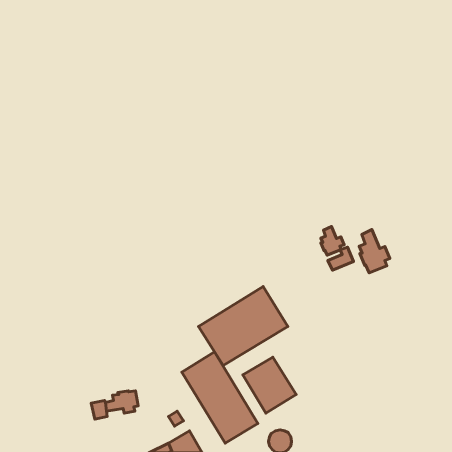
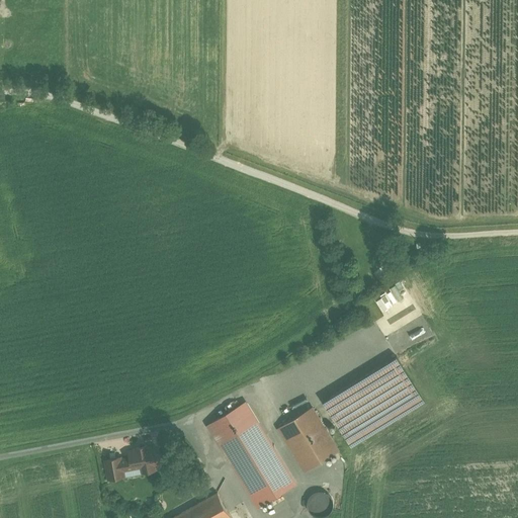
building: [321,226,344,255] -> none
building: [359,230,390,273] -> none
building: [198,287,288,366] -> [322,357,424,447]

